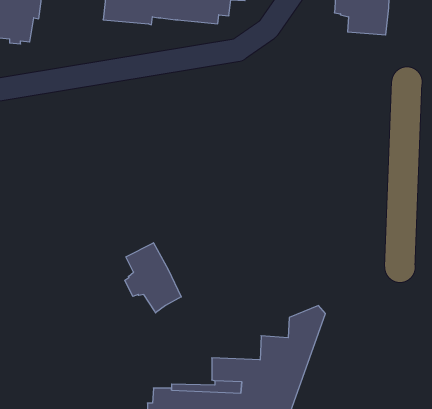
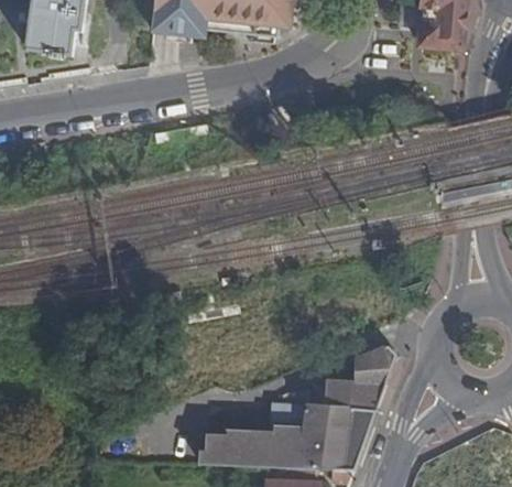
building: [125,243,181,313] -> none

